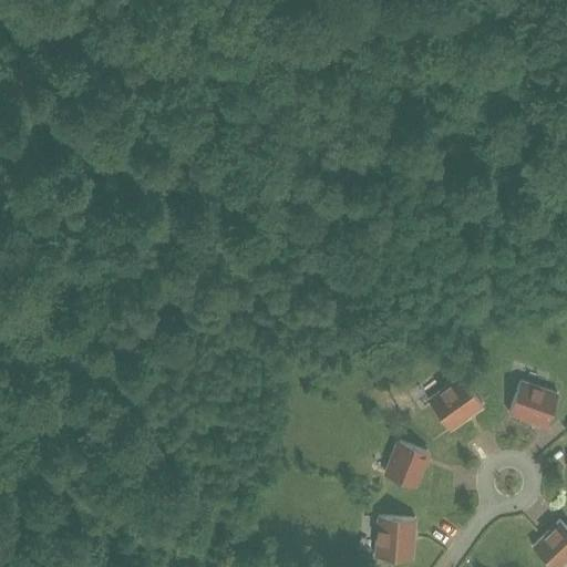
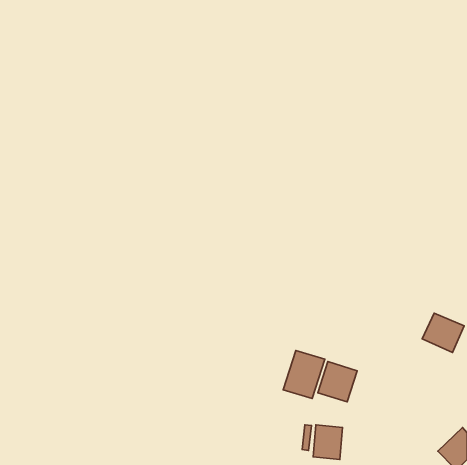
building: [424,377,483,435] -> none
building: none -> [283,350,325,398]

